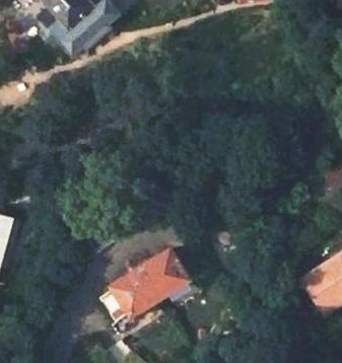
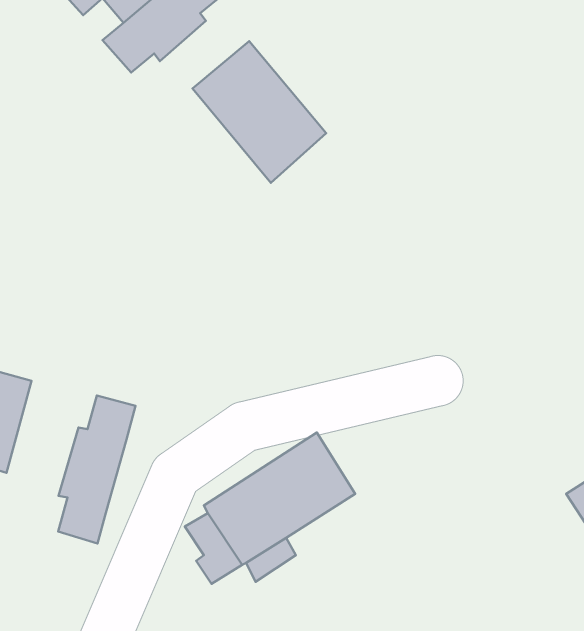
building: none -> [192,41,326,183]
building: none -> [58,395,136,544]

